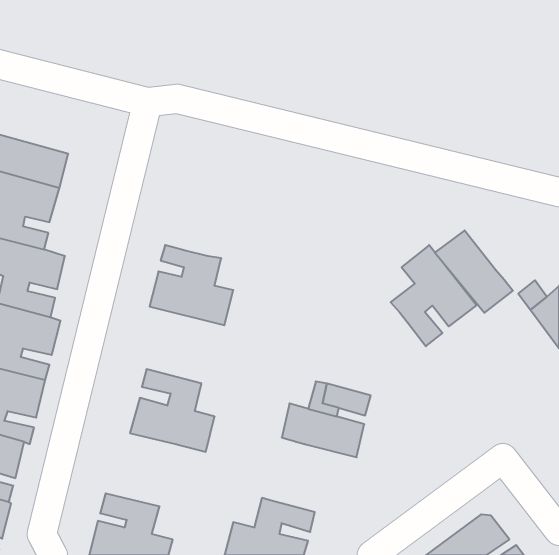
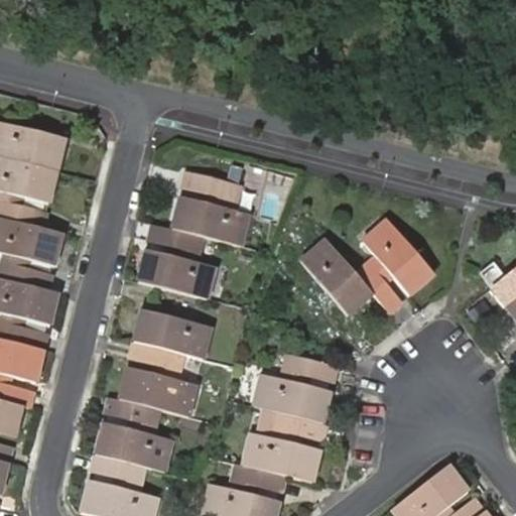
building: none -> [169,172,247,247]
building: [435,230,513,313] -> [302,241,374,316]
building: none -> [134,307,211,356]
building: none -> [97,395,173,470]
building: none -> [247,407,330,477]

